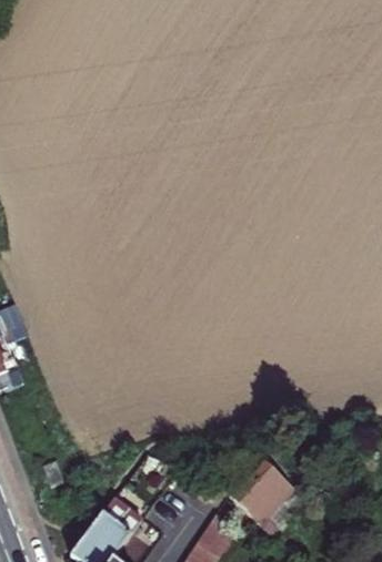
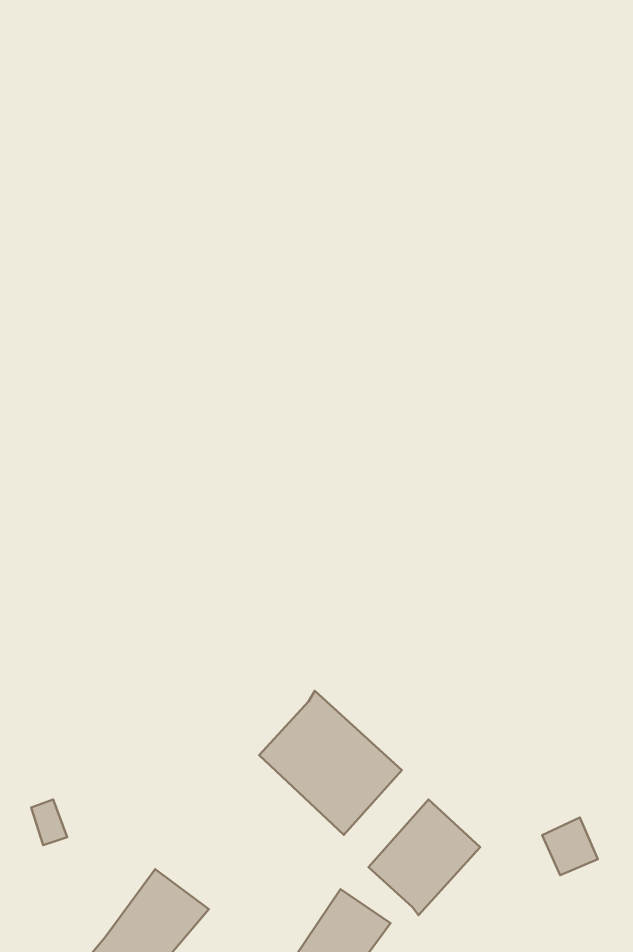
building: none -> [259,691,402,835]

